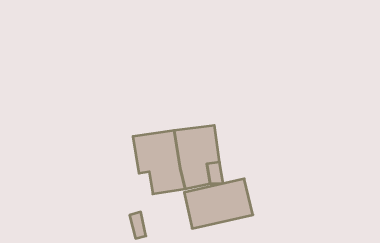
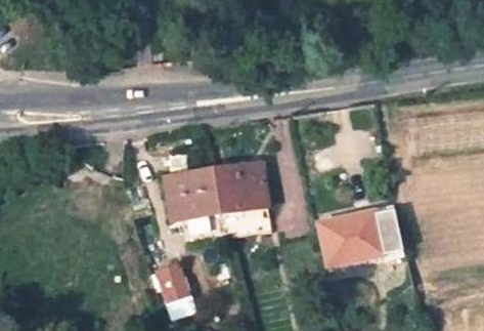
building: [184,179,253,228] -> [319,205,401,264]

